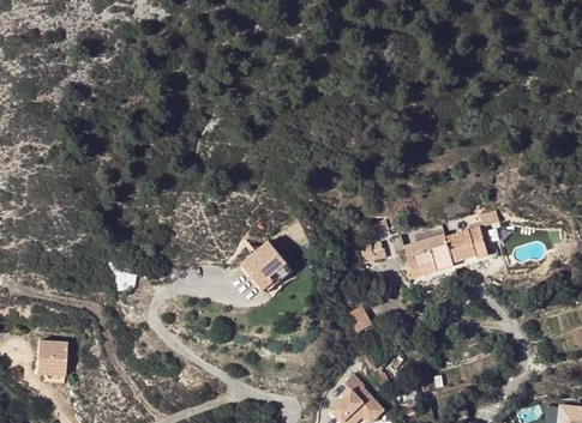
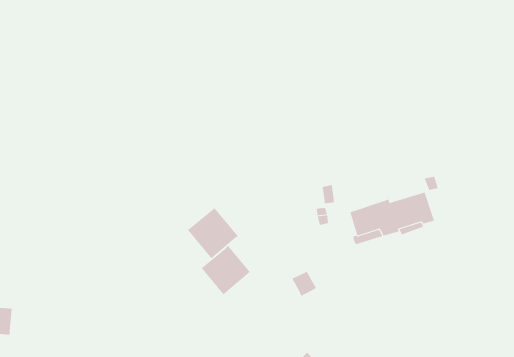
building: none -> [201,245,251,295]

